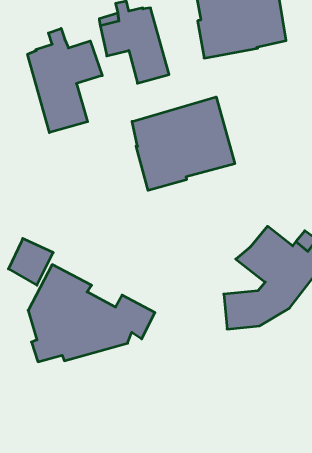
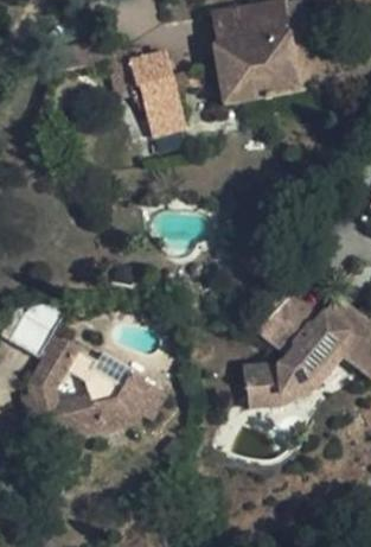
building: [28,28,102,133] -> none
building: [132,97,235,190] -> none

